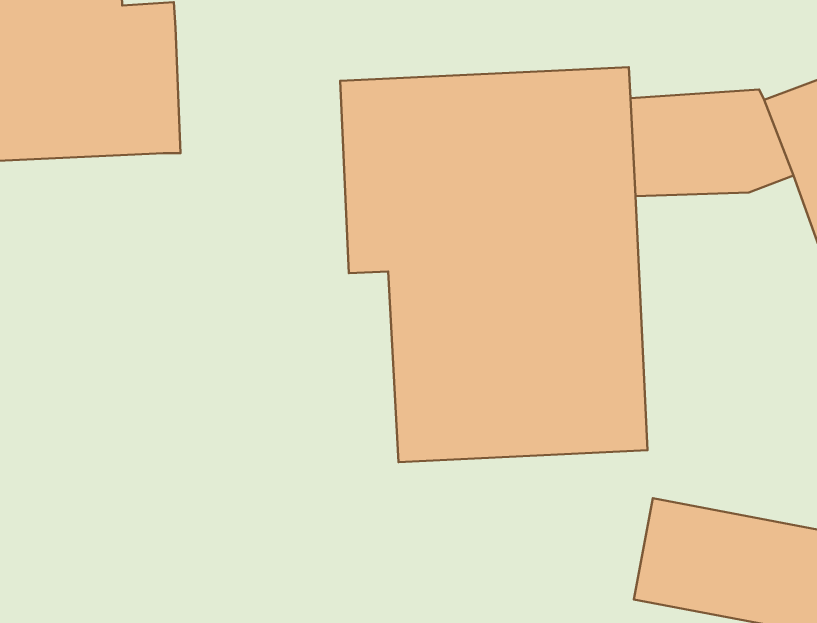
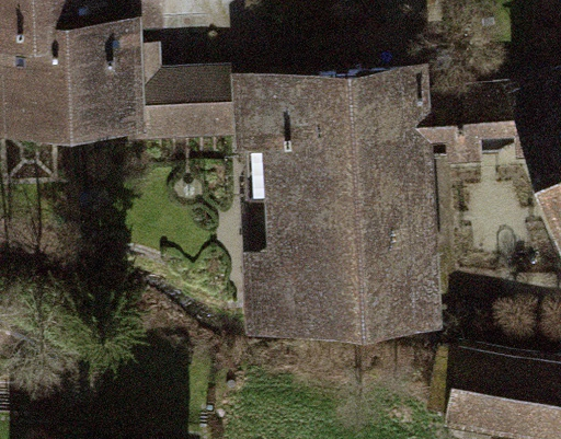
building: none -> [130,53,237,148]

